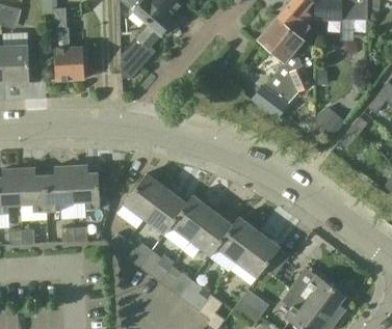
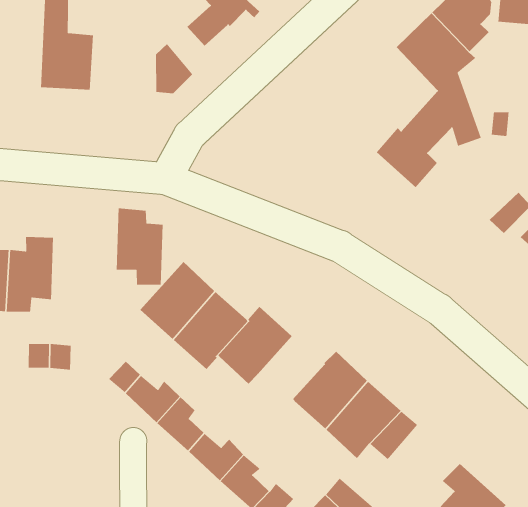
building: [71,166,100,210] -> [116,208,163,286]
building: [190,211,233,256] -> none

